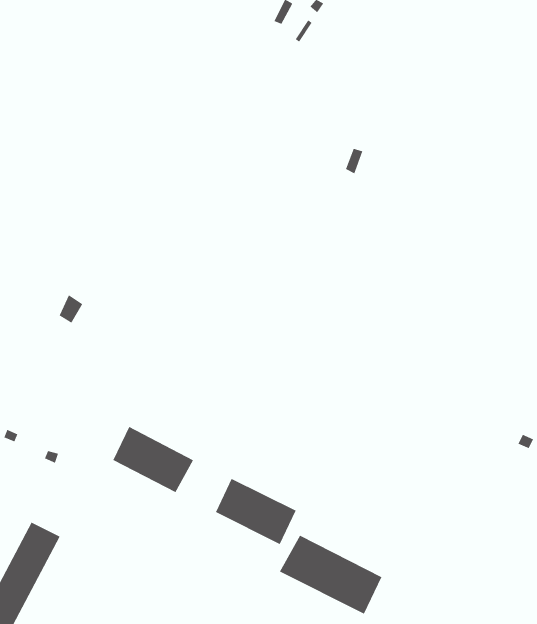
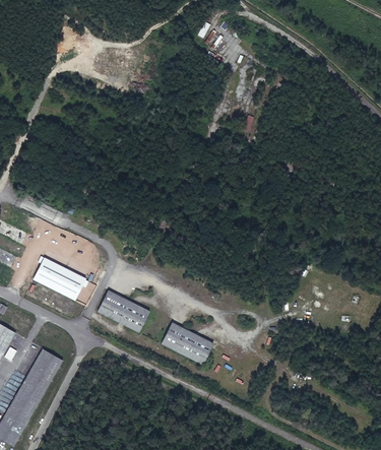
building: none -> [31,256,83,298]
building: [279,535,382,614] -> none

